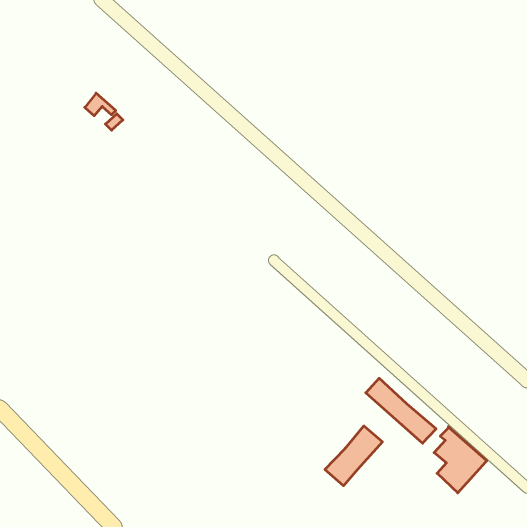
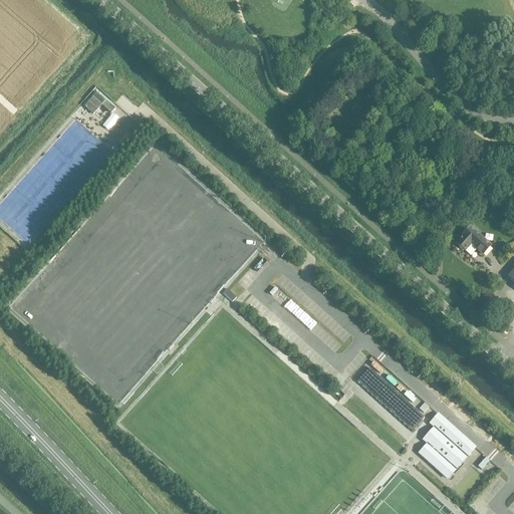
building: none -> [455,226,490,254]
building: [325,426,382,486] -> none

